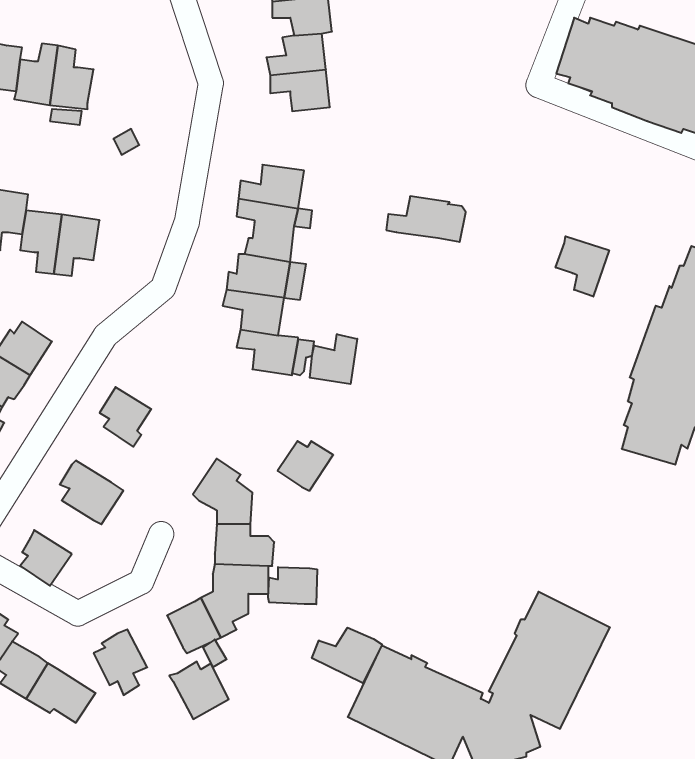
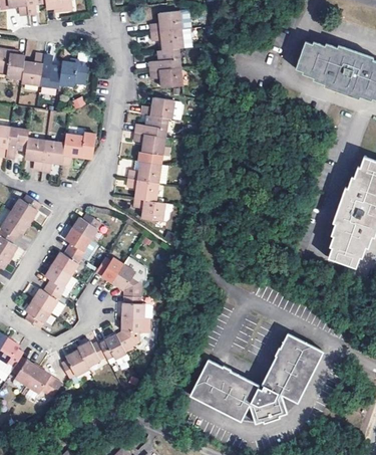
building: none -> [58,51,91,88]
building: [386,196,466,242] -> [141,97,181,121]
building: none -> [61,133,95,165]
building: [556,236,609,297] -> none
building: [310,334,357,384] -> none
building: none -> [72,213,100,239]
building: none -> [52,248,81,276]
building: [278,441,333,491] -> [95,257,123,282]
building: none -> [31,285,64,317]
building: [268,567,317,604] -> none
building: [312,628,382,683] -> none
building: [169,662,229,719] -> [76,340,106,370]

